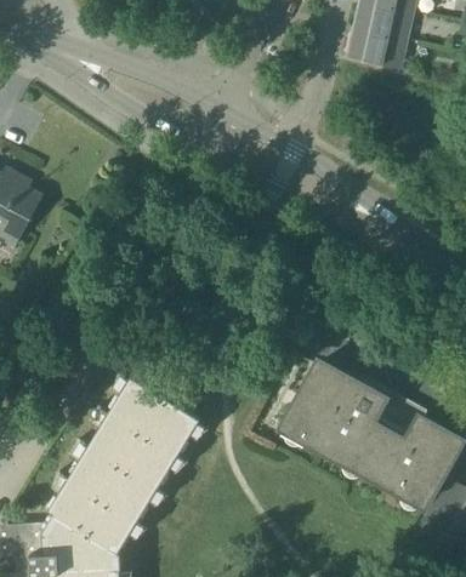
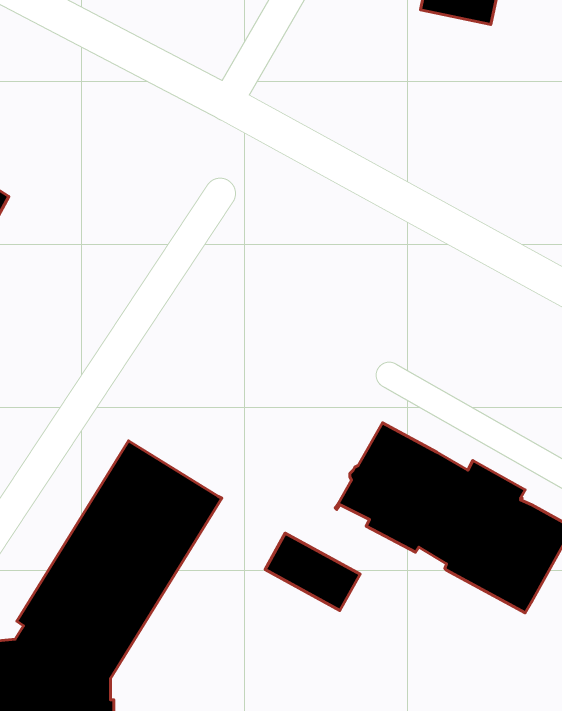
building: none -> [265,533,360,611]

